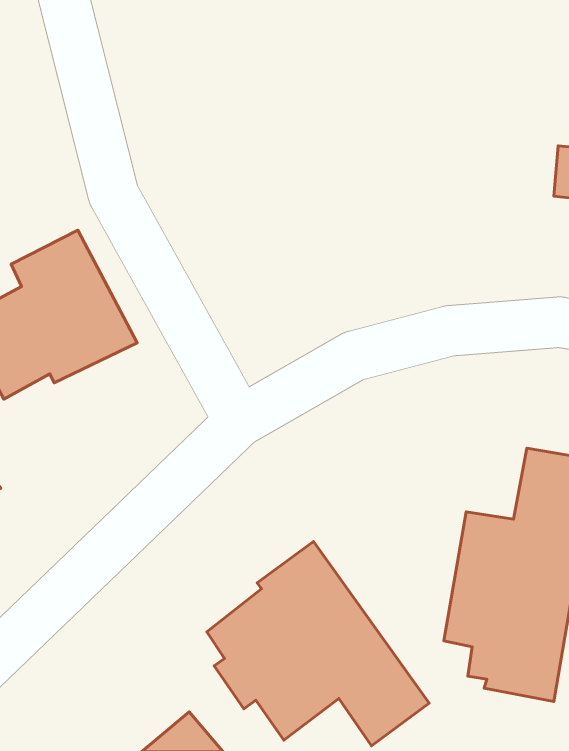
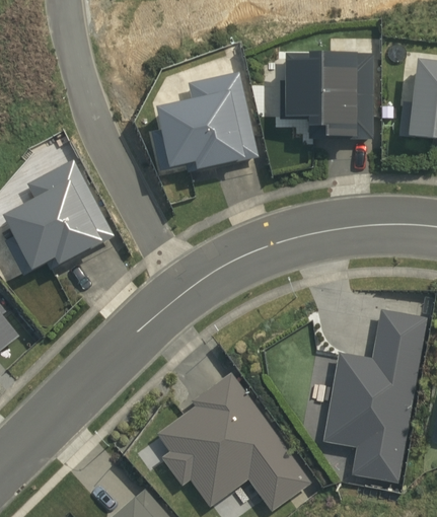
building: none -> [279,53,373,139]
building: none -> [150,71,259,172]

